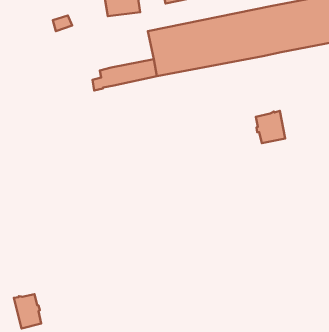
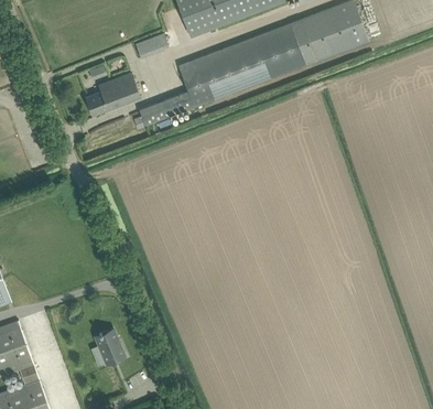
building: none -> [86,74,141,116]
building: [256,111,285,143] -> none

